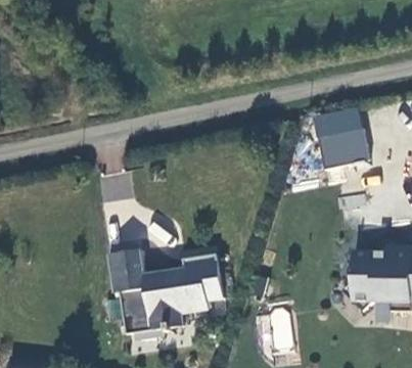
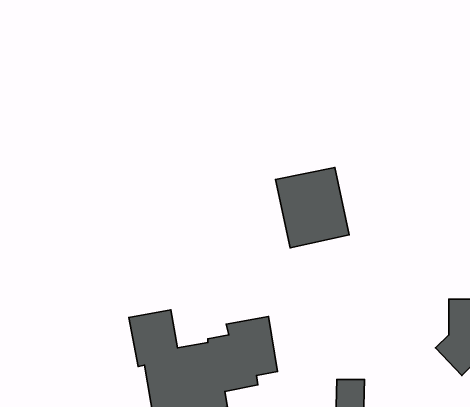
building: [312,104,369,167] -> [276,168,349,248]

